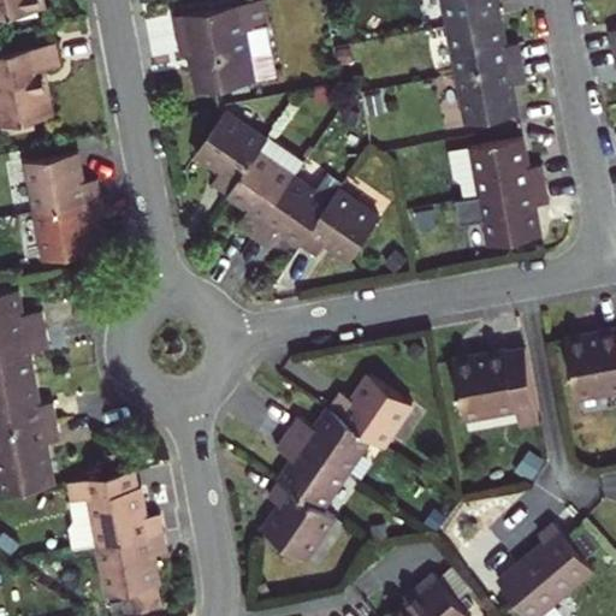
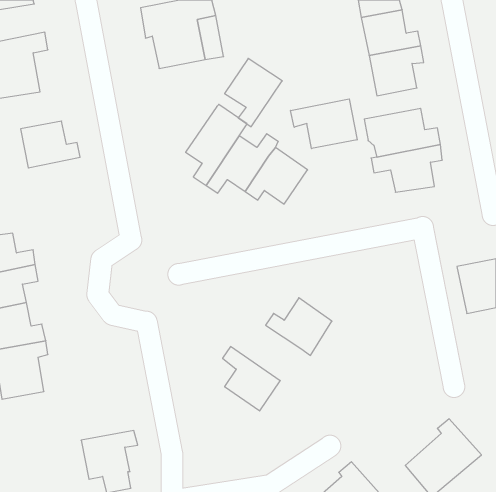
building: [196,112,267,196] -> [225,58,282,127]
building: none -> [291,99,357,149]
building: [35,202,103,263] -> none
building: [452,348,535,424] -> none
building: [284,409,371,478] -> none
building: [67,474,165,557] -> none
building: [262,485,331,563] -> none

